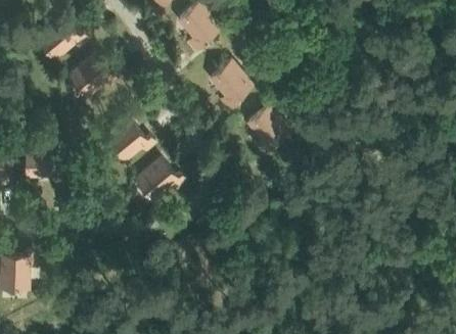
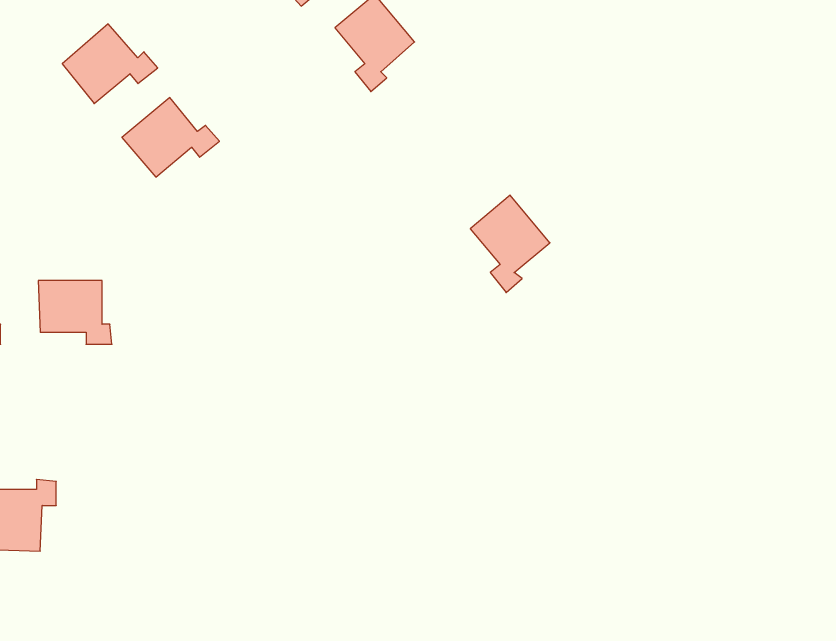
building: [210,60,250,109] -> none
building: [104,120,154,160] -> none
building: [136,157,185,198] -> none

